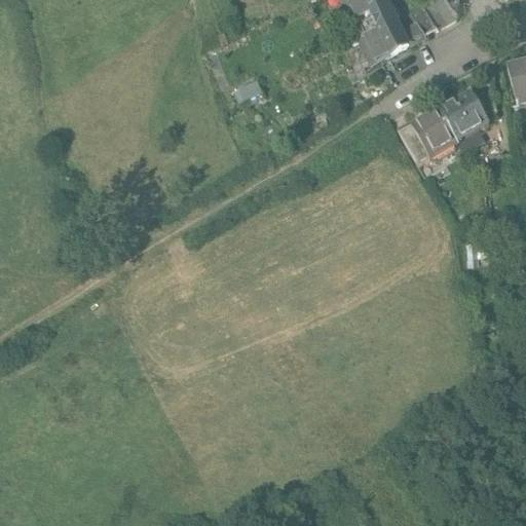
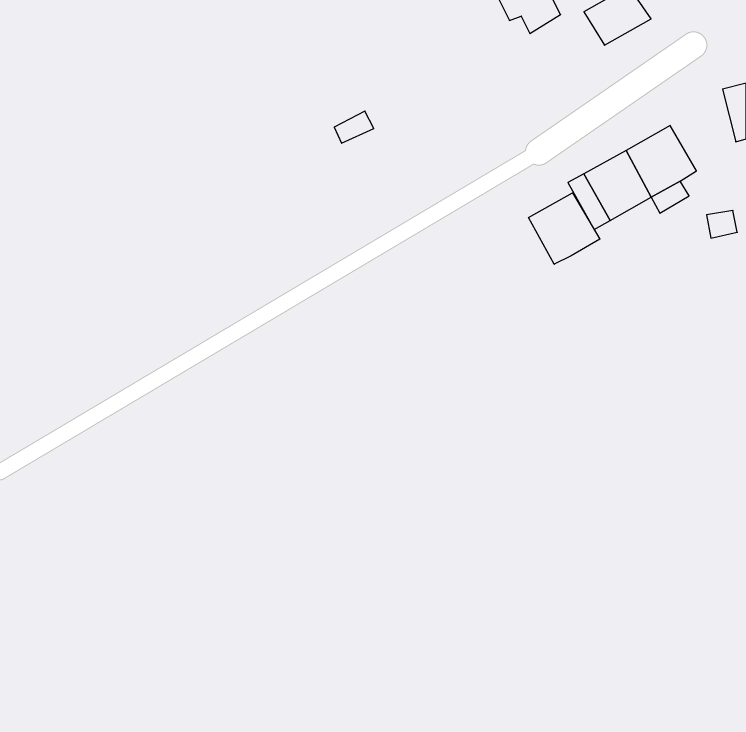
building: [352,10,409,62] -> none
building: none -> [529,193,600,264]

